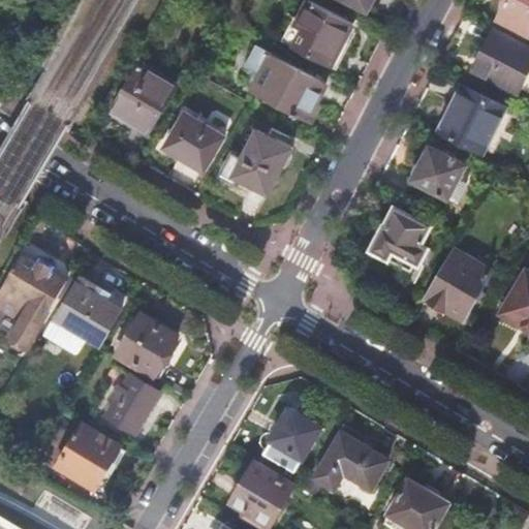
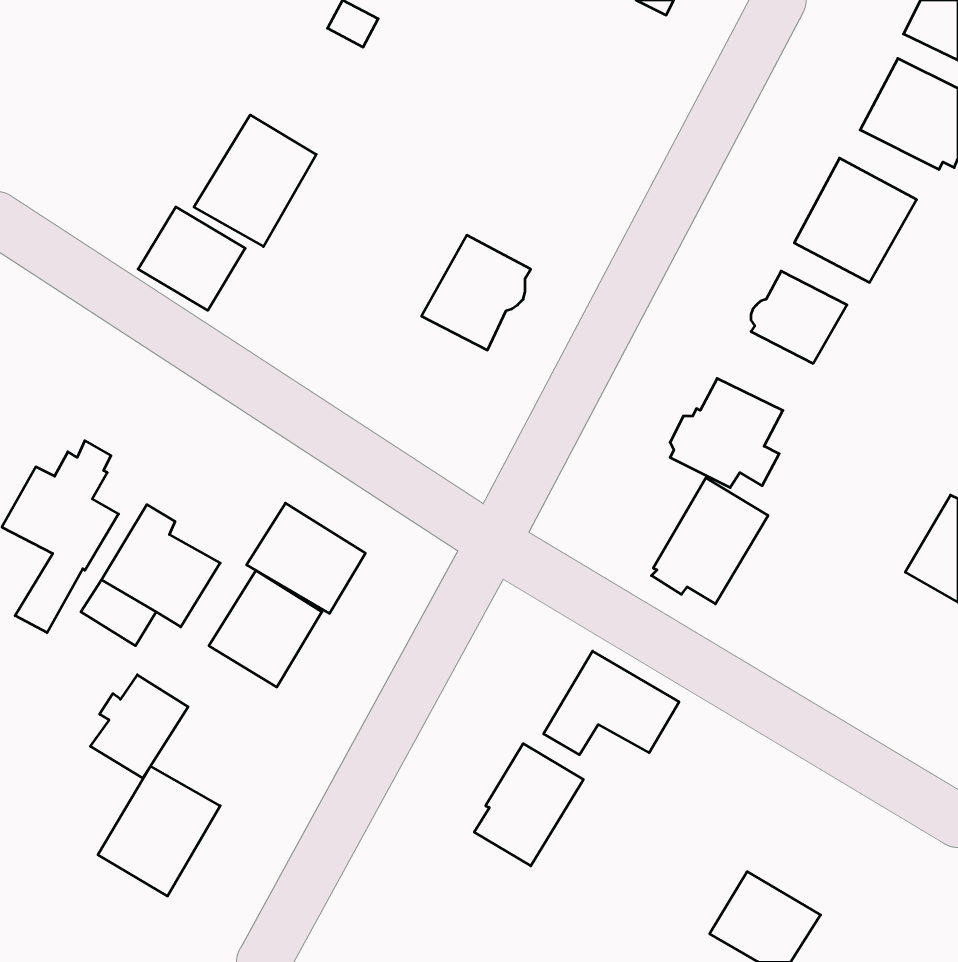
building: [291,4,351,67] -> none
building: [249,55,324,122] -> none
building: [162,113,221,169] -> [138,207,245,310]
building: [426,250,490,319] -> [651,478,768,604]
building: none -> [247,503,365,613]
building: [105,376,159,433] -> [90,675,188,778]
building: [314,433,388,490] -> [544,651,679,755]
building: [237,464,293,518] -> none

